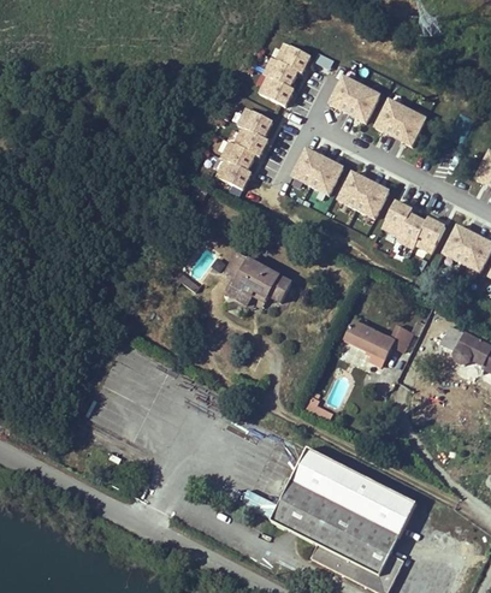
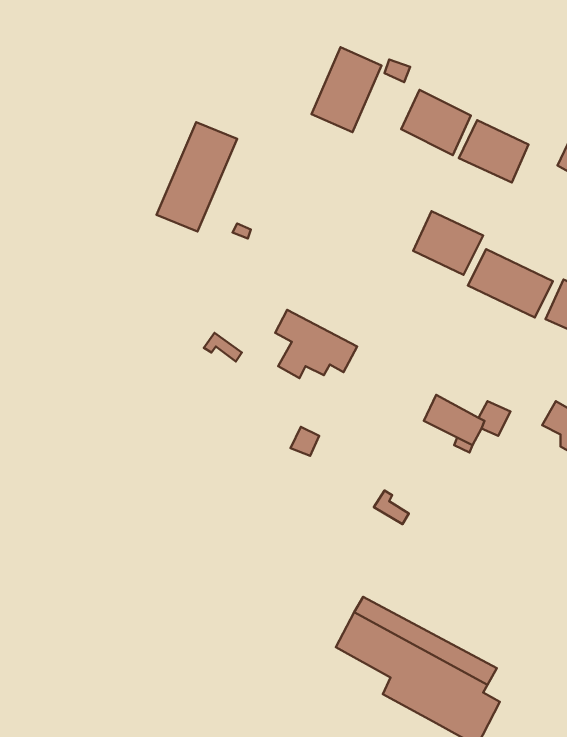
building: [212,106,276,192] -> [157,122,237,231]
building: [289,147,345,198] -> none
building: [296,444,419,533] -> none

